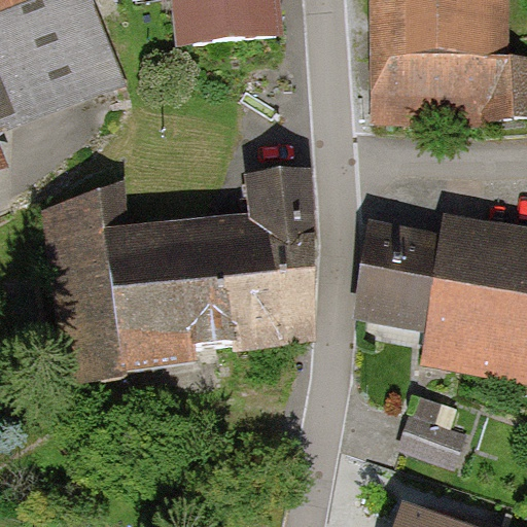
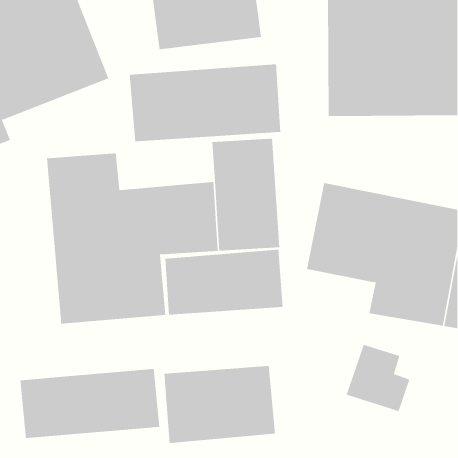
building: none -> [129,63,281,142]
building: none -> [164,365,275,444]
building: none -> [20,368,160,439]

